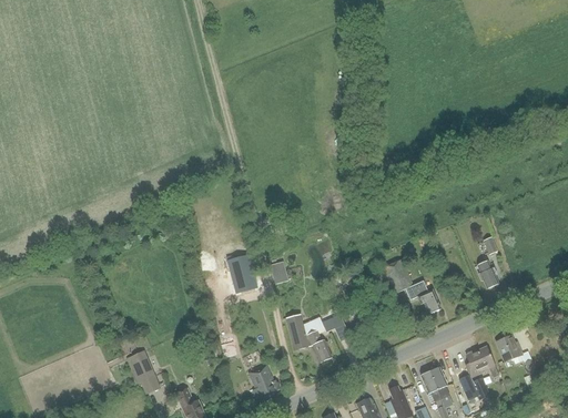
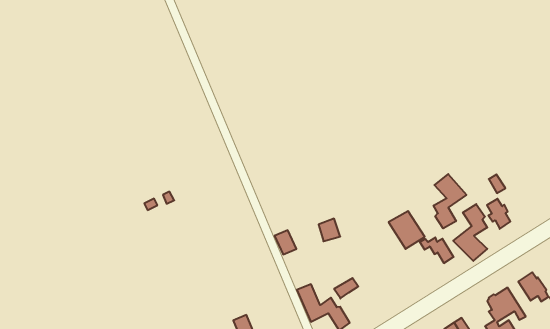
building: none -> [434,174,466,228]
building: [227,253,258,293] -> none
building: none -> [453,204,487,261]

